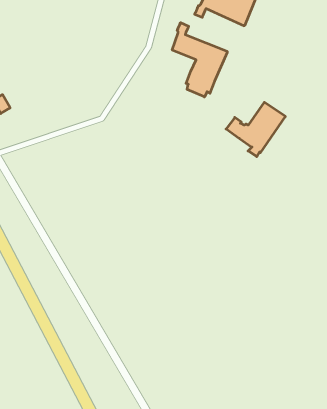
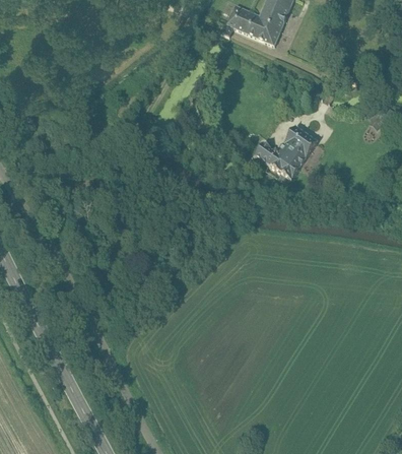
building: [172,23,227,97] -> none

